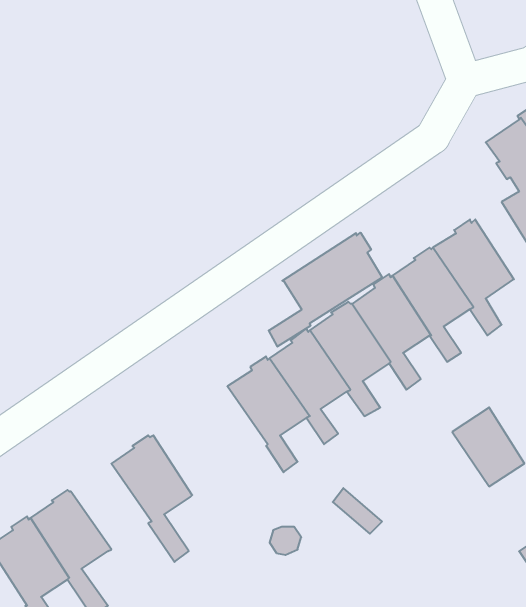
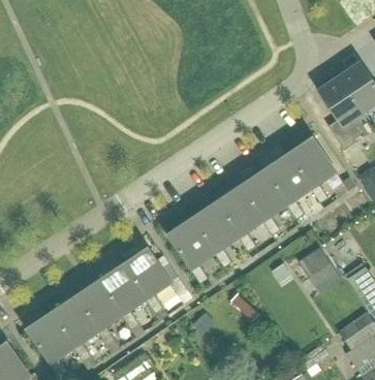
building: [269,233,382,347] -> none
building: none -> [124,246,171,320]
building: none -> [75,278,123,352]

